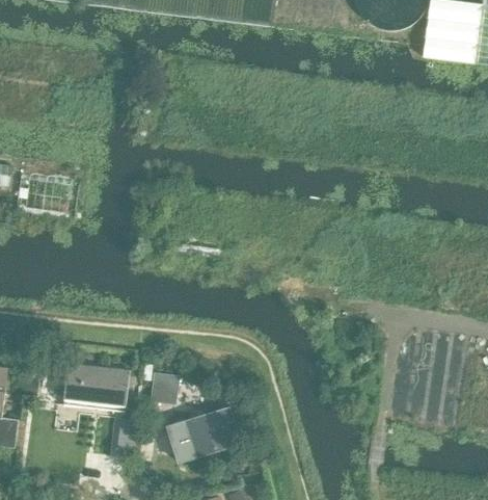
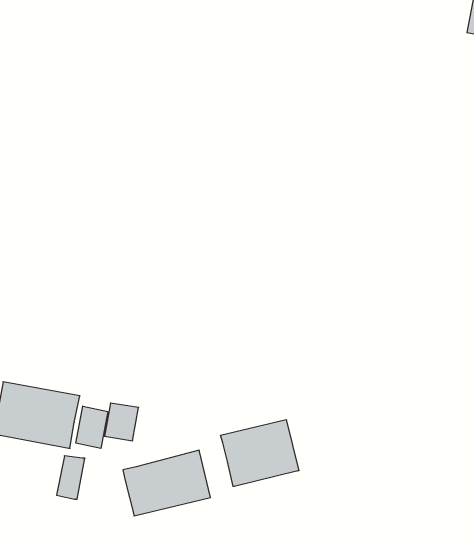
building: none -> [76,406,108,448]
building: none -> [221,420,299,486]

